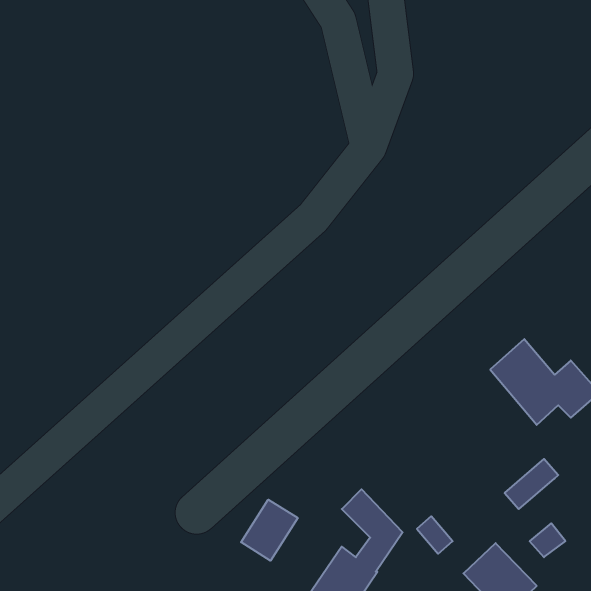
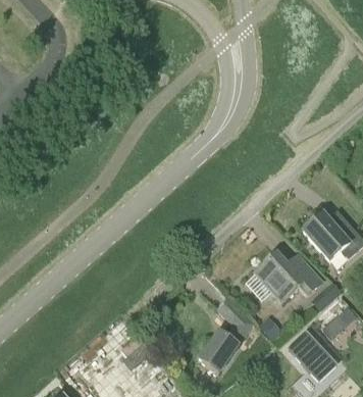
building: none -> [255,253,322,302]
building: [241,500,298,561] -> none

